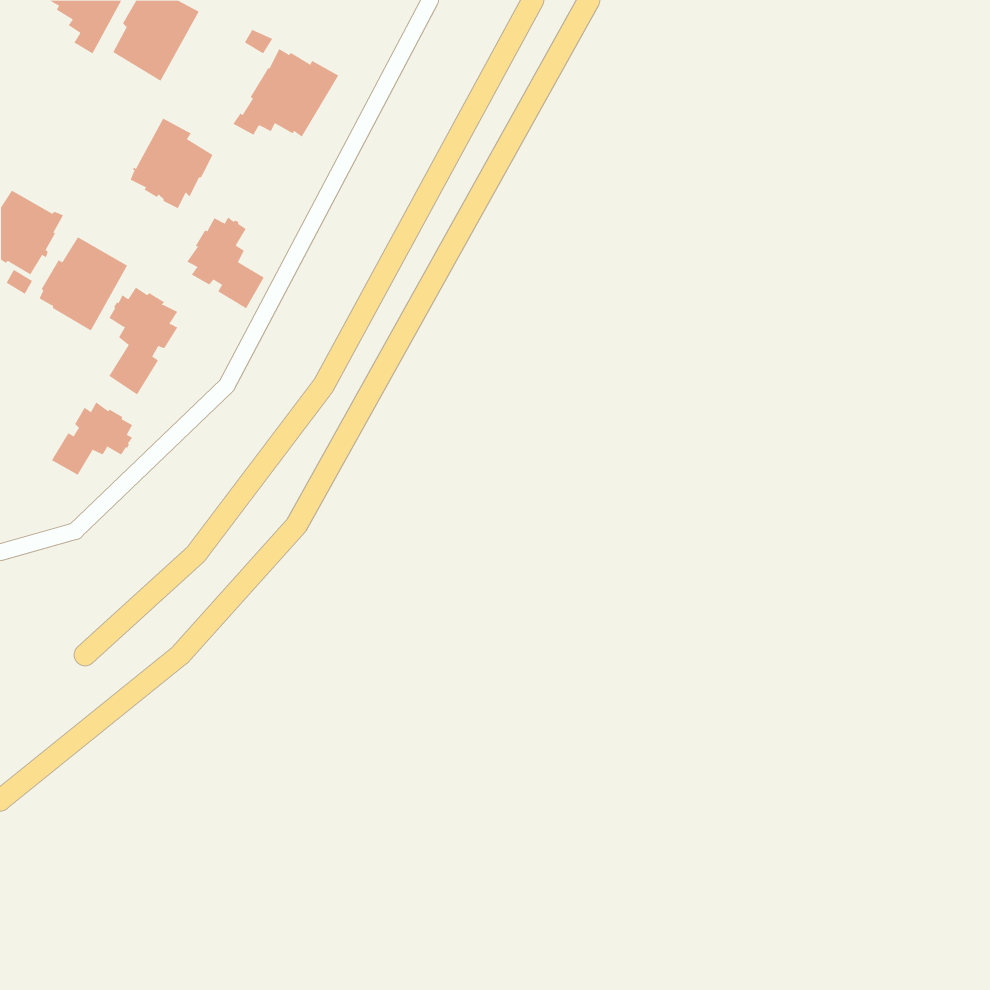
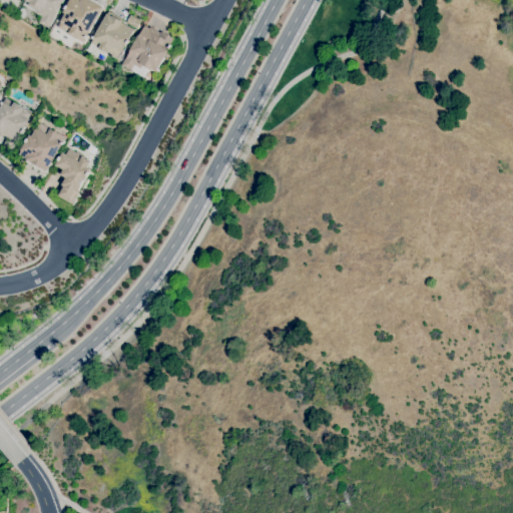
building: [130,118,213,209] -> [91,11,134,58]
building: [187,217,264,309] -> none
building: [51,402,133,476] -> none

